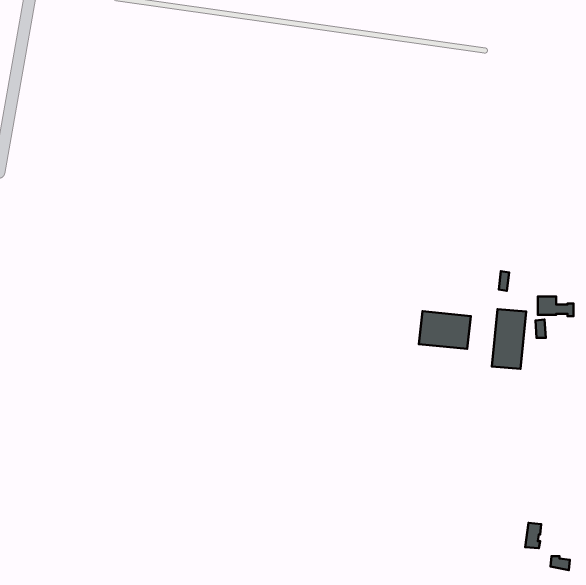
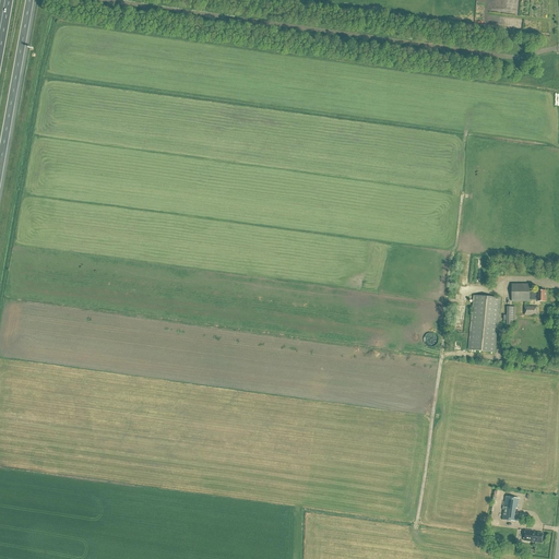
building: [419,311,471,349] -> none

